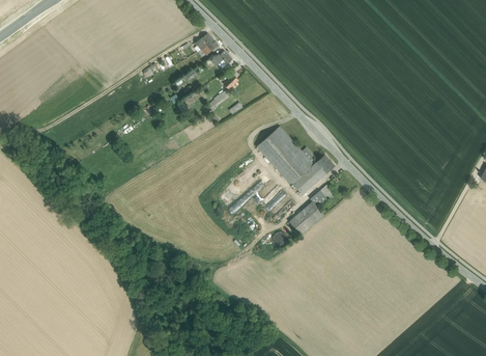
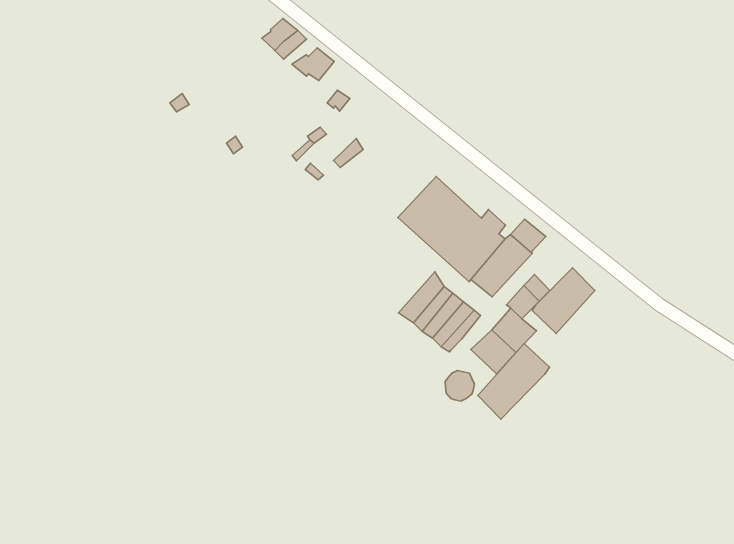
building: none -> [532,268,595,333]
building: none -> [478,344,550,419]

